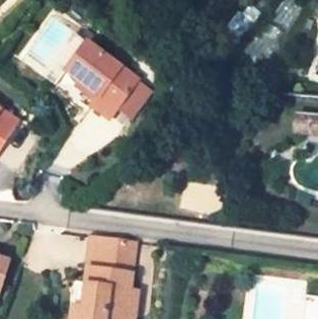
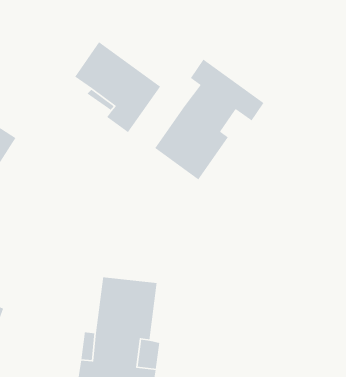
building: none -> [154,58,264,181]

